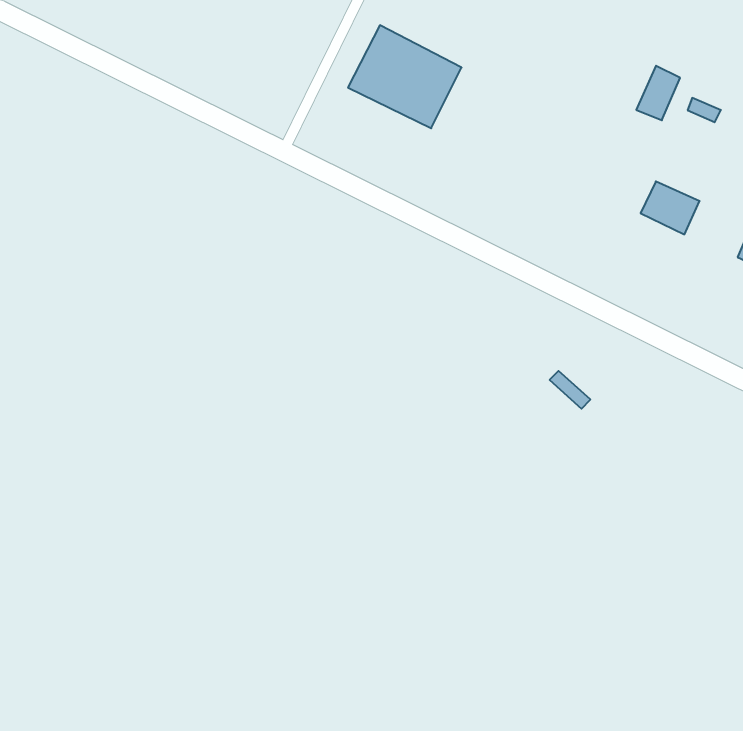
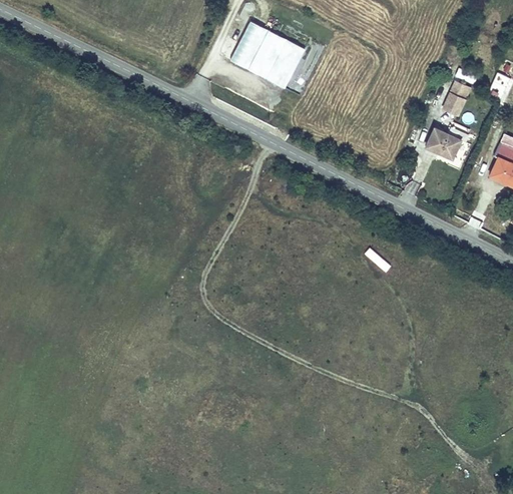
building: [636,66,680,120] -> [441,80,470,116]

